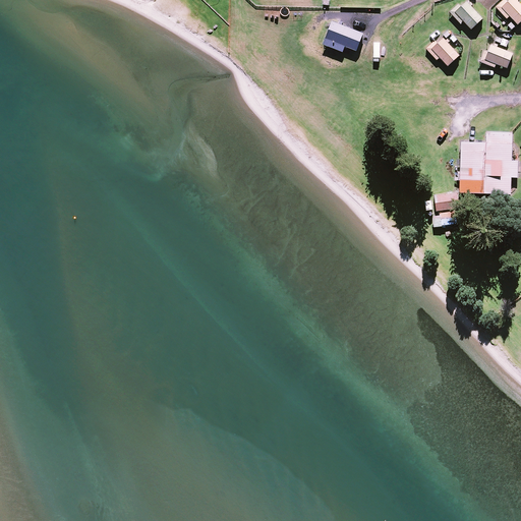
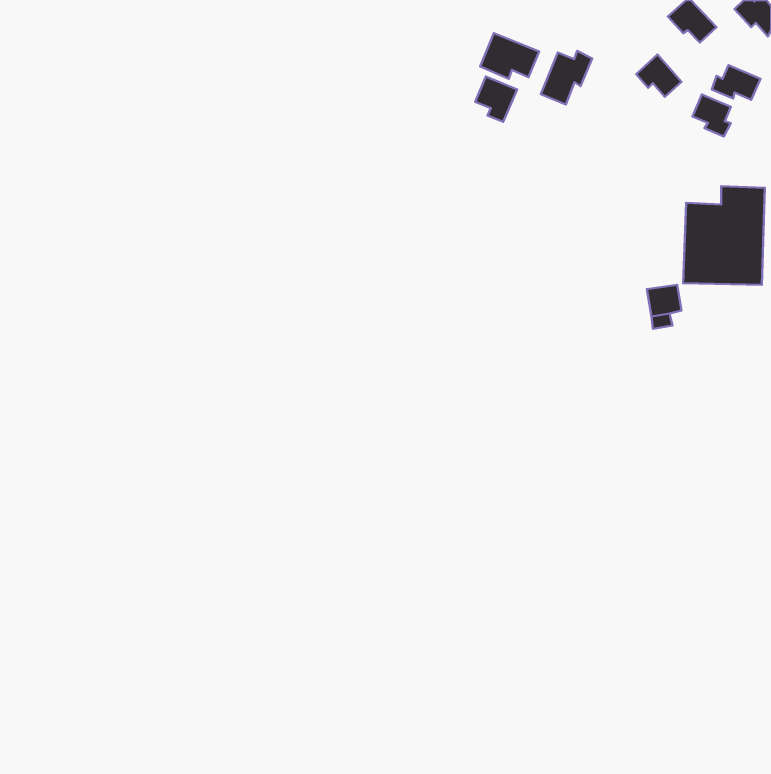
building: none -> [541,51,592,104]
building: none -> [475,77,517,122]
building: none -> [693,95,731,136]

